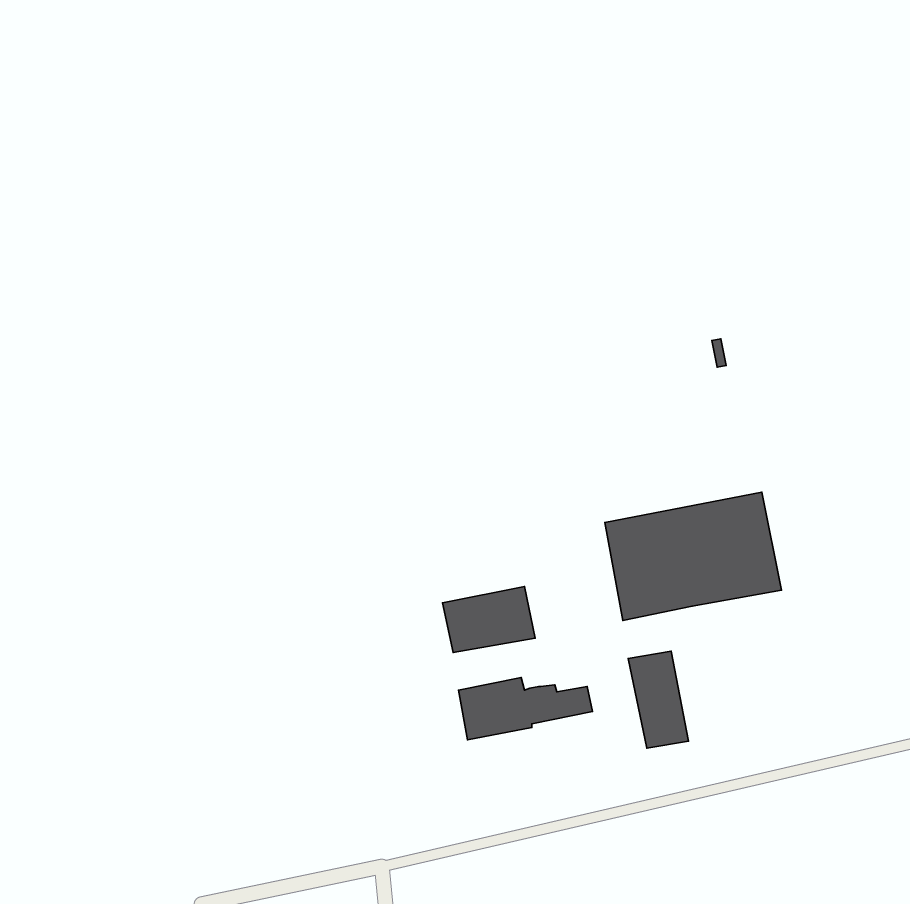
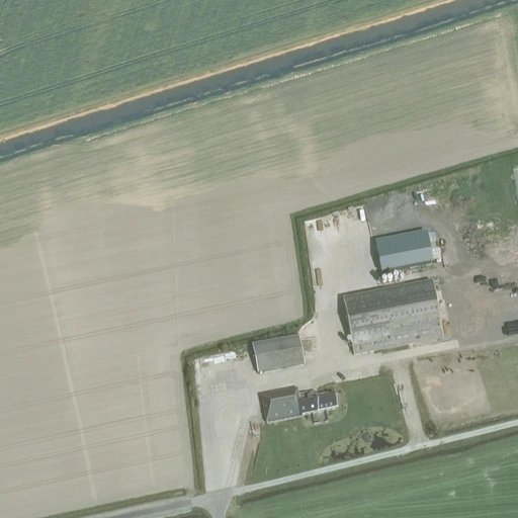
building: none -> [376,229,433,270]
building: [628,651,688,748] -> none

